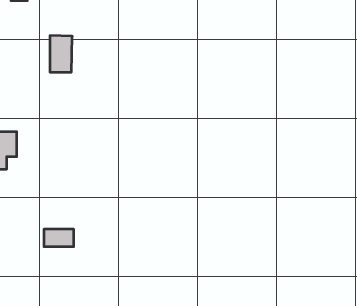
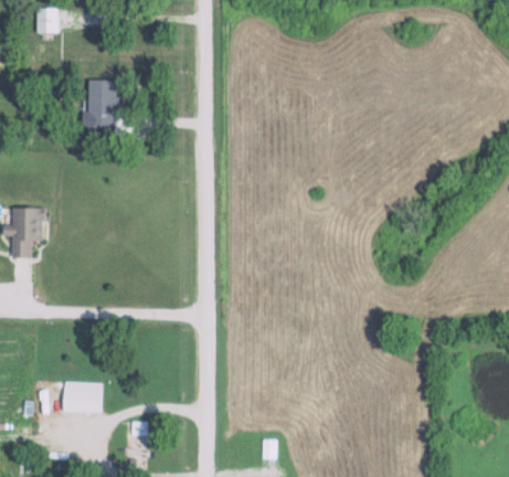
building: [44,229,74,247] -> [63,389,103,412]

